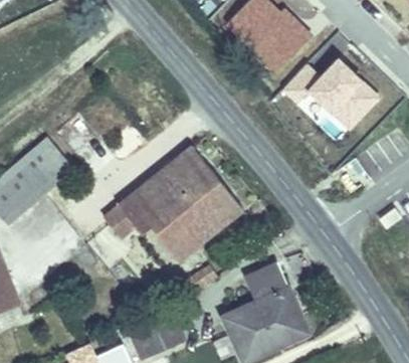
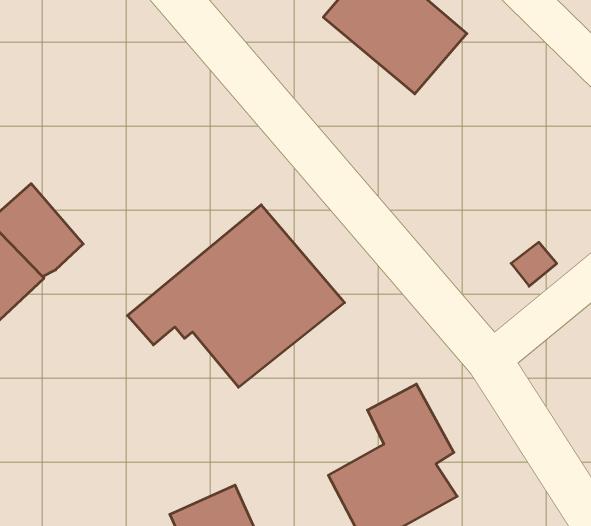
building: [297,64,374,142] -> none

